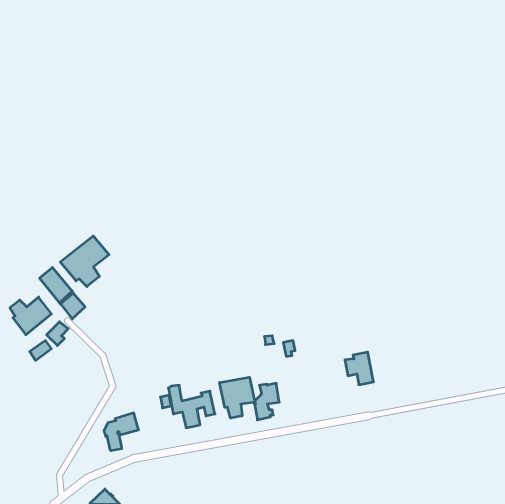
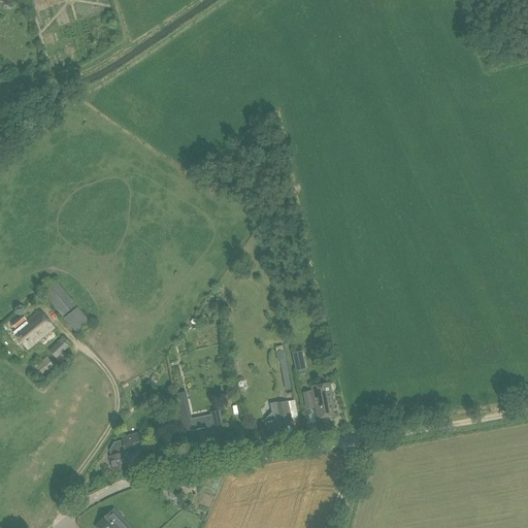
building: [60,236,109,287] -> none
building: [345,352,374,385] -> [303,383,333,417]
building: [220,377,255,418] -> none

